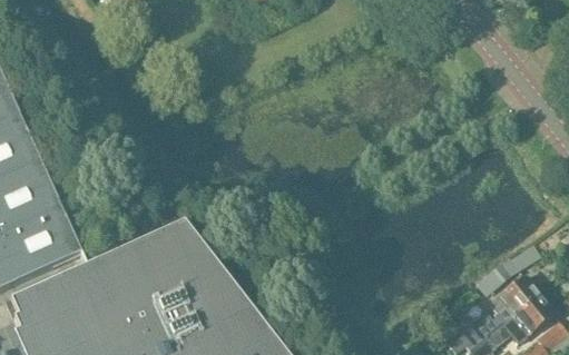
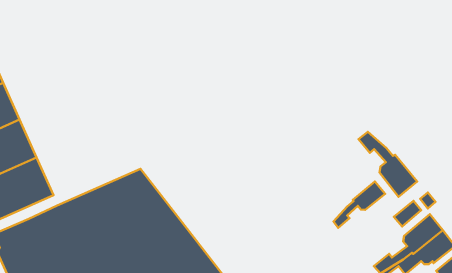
building: none -> [359,132,417,197]
building: none -> [333,181,385,228]

